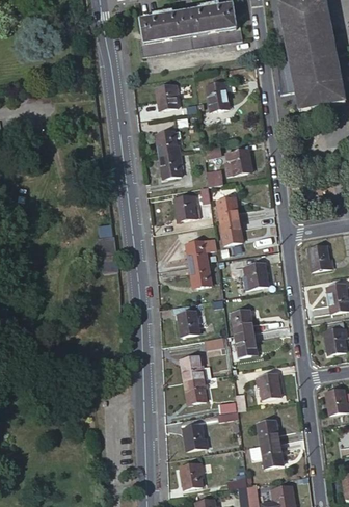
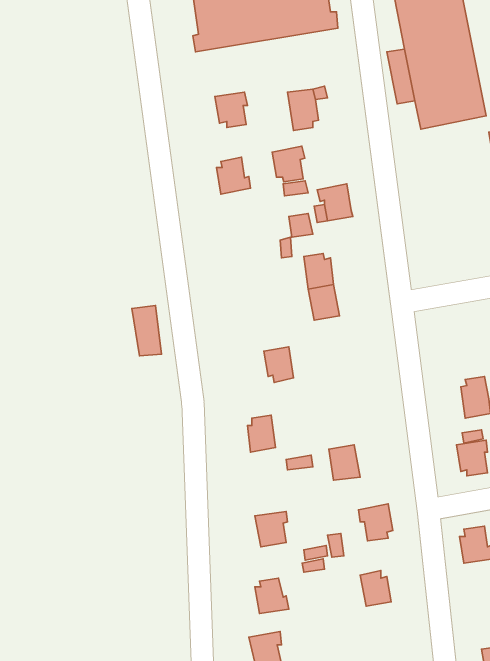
building: [159,152,182,177] -> [272,146,305,182]
building: [174,195,199,220] -> none
building: [185,239,214,266] -> none
building: [308,245,332,271] -> none
building: [243,263,267,289] -> none
building: [231,310,252,335] -> none
building: [180,355,205,381] -> none
building: [261,442,281,466] -> none

